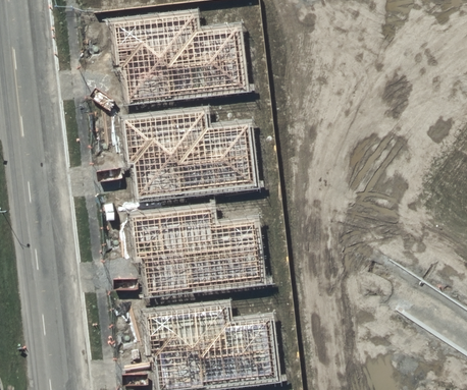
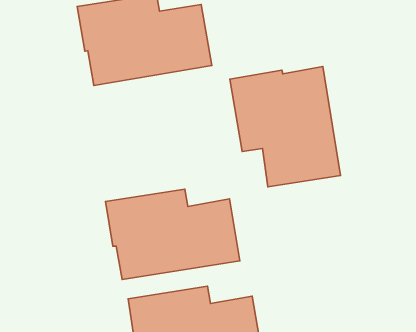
building: none -> [230,67,340,187]
building: [126,112,257,199] -> none

